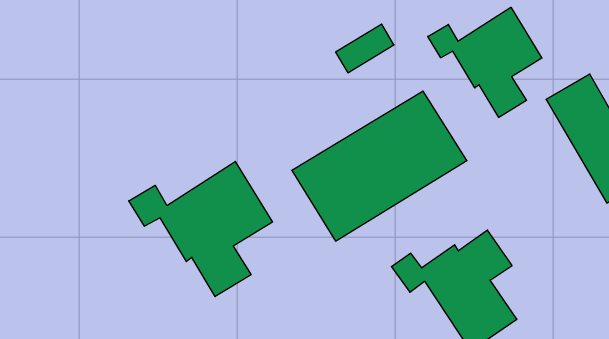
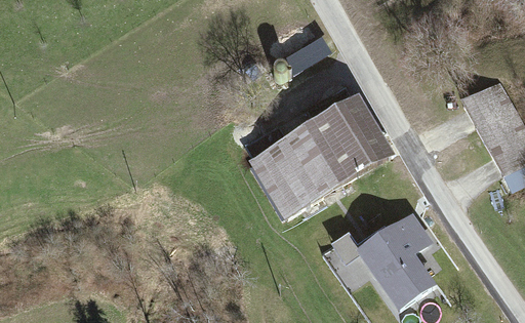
building: [428,7,542,117] -> none
building: [129,161,273,297] -> none

